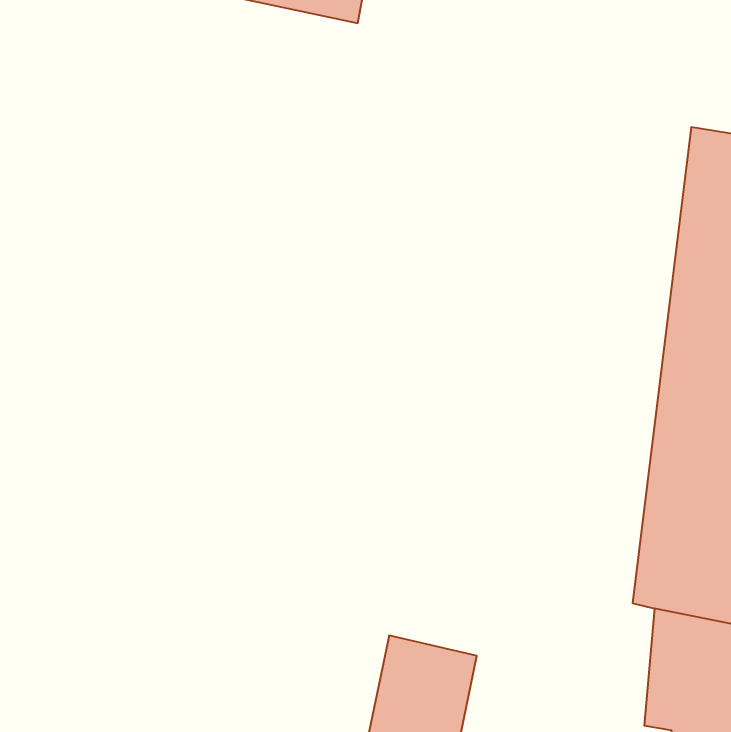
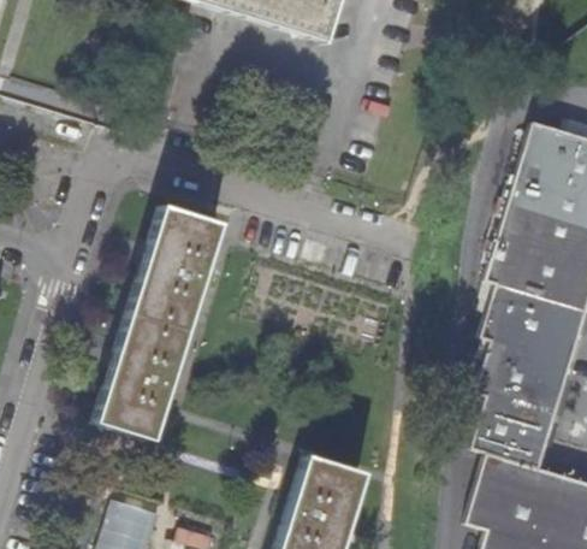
building: none -> [94,207,221,439]

